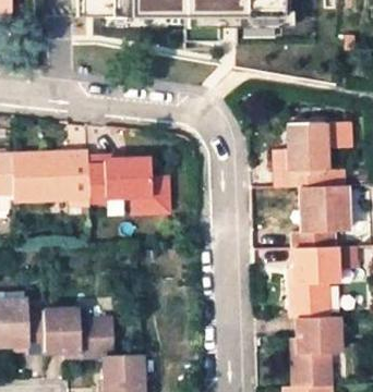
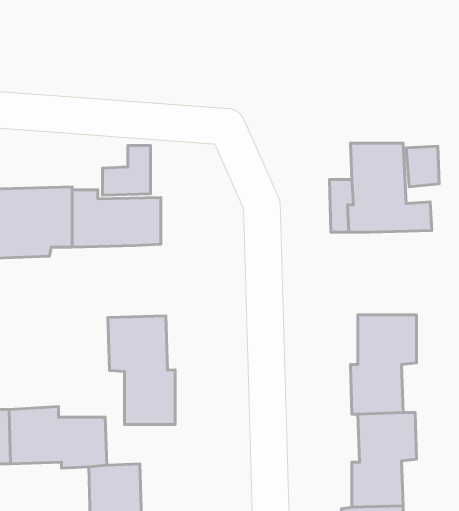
building: [133,176,168,212] -> [102,146,151,195]
building: [294,182,349,243] -> none
building: none -> [108,316,175,425]

